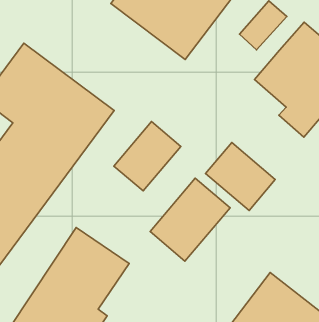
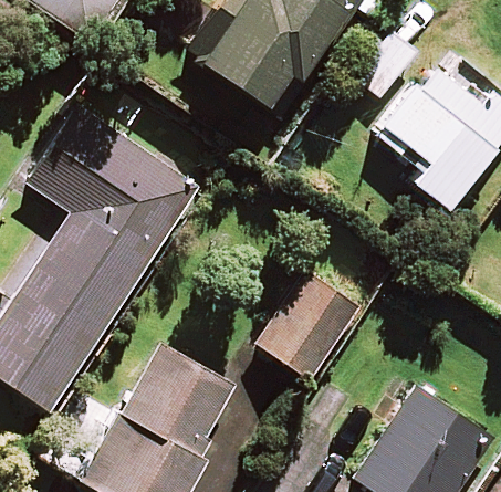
building: [114,122,181,191] -> none
building: [205,142,275,210] -> none

